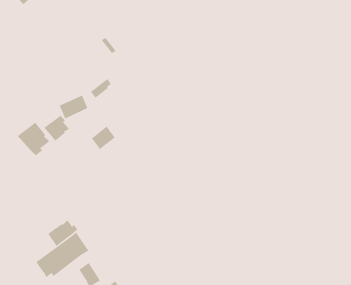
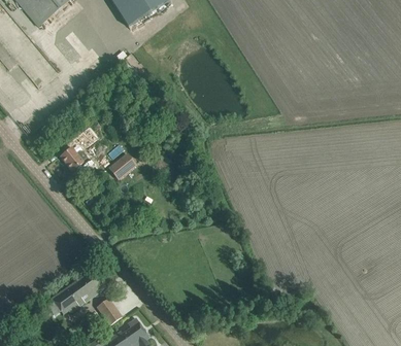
building: [17,122,50,156] -> none
building: [48,219,78,247] -> none

